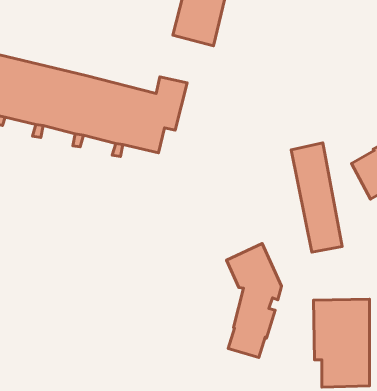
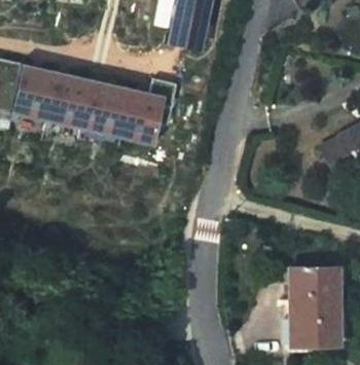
building: [291,143,342,252] -> none
building: [226,243,282,358] -> none

